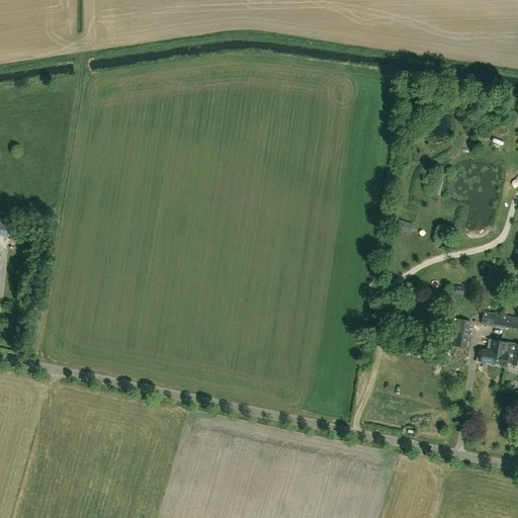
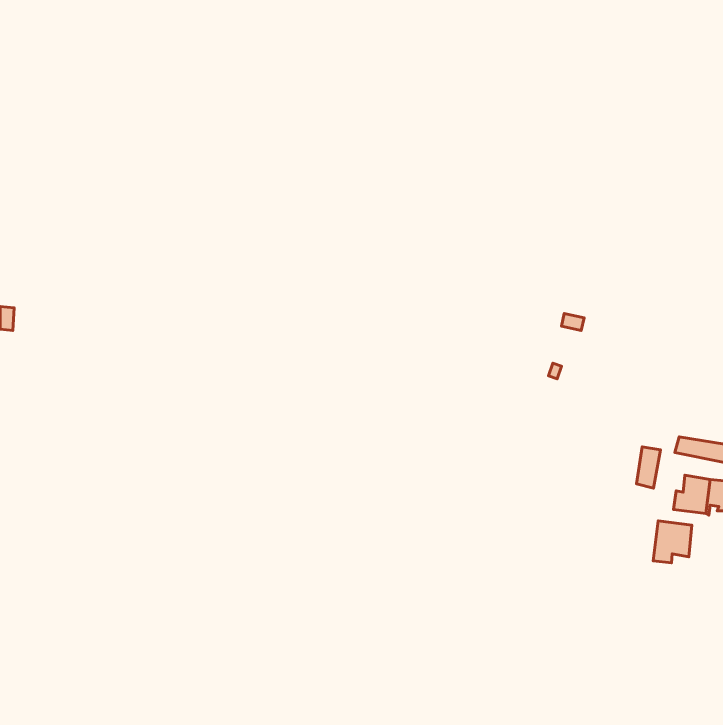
building: none -> [653,521,692,563]

